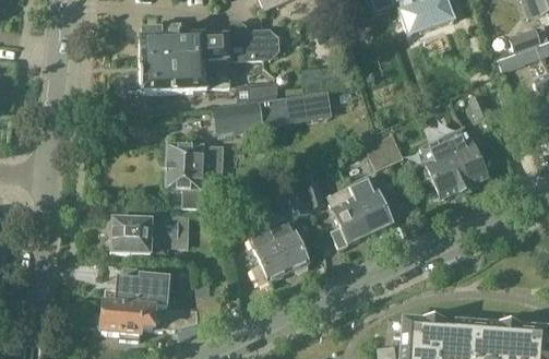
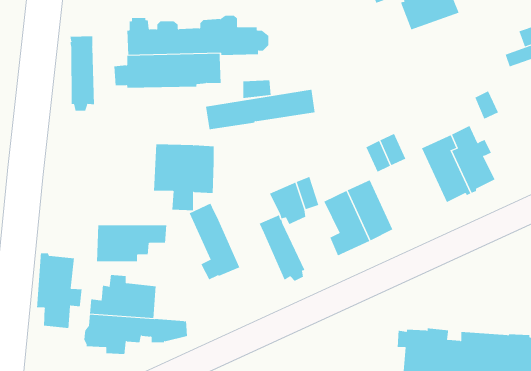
building: none -> [70,35,95,111]
building: [242,211,290,284] -> [189,203,240,280]
building: none -> [37,252,82,329]

